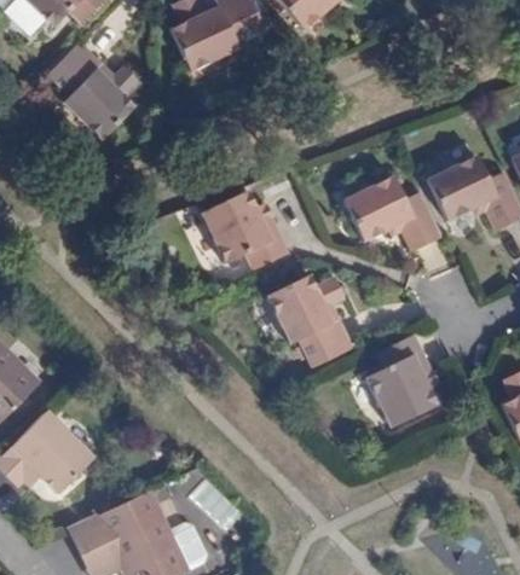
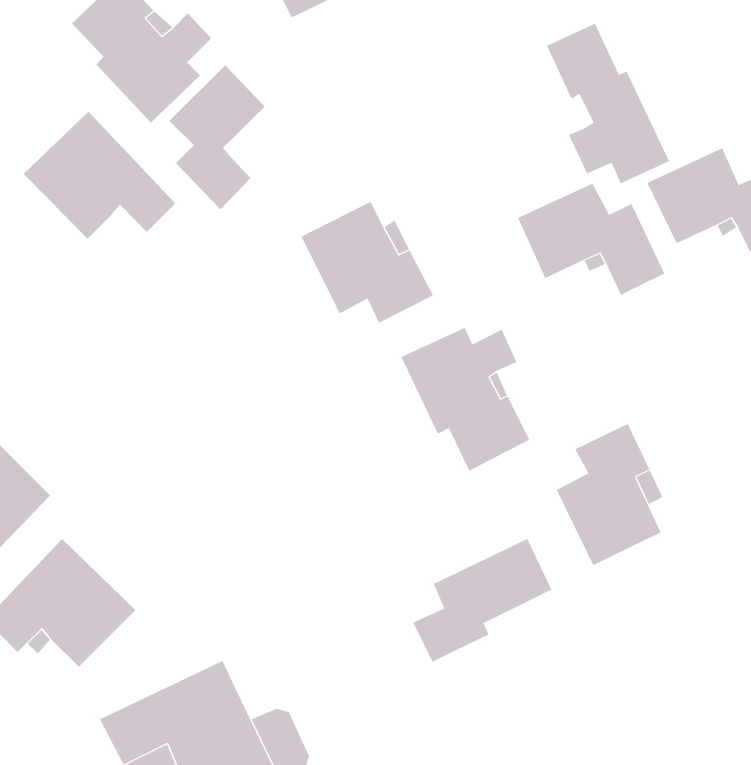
building: none -> [546,23,670,184]
building: none -> [168,65,265,210]
building: none -> [23,111,176,240]
building: none -> [413,538,552,663]

